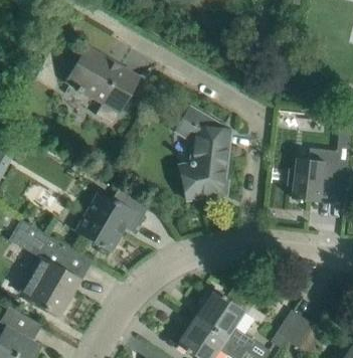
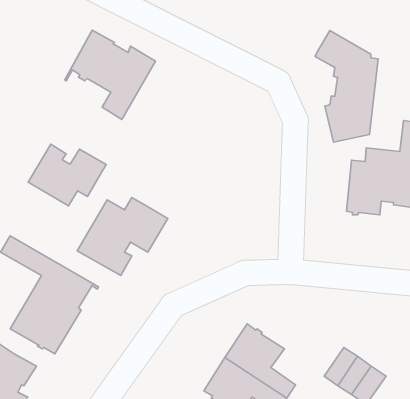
building: [178,108,229,198] -> [315,30,378,142]
building: none -> [28,144,106,206]

